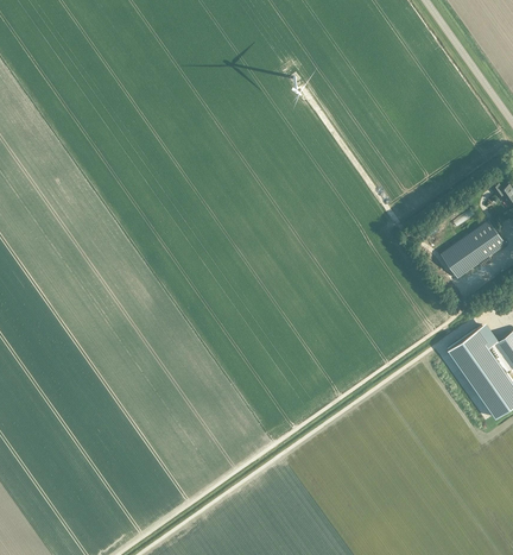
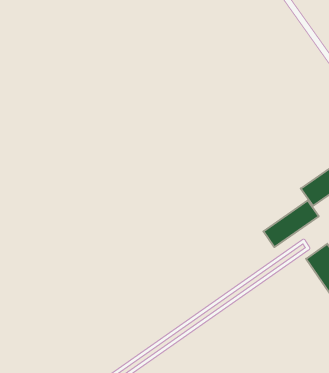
building: none -> [263,201,319,247]

